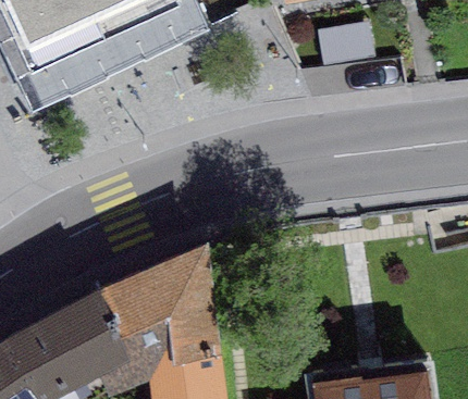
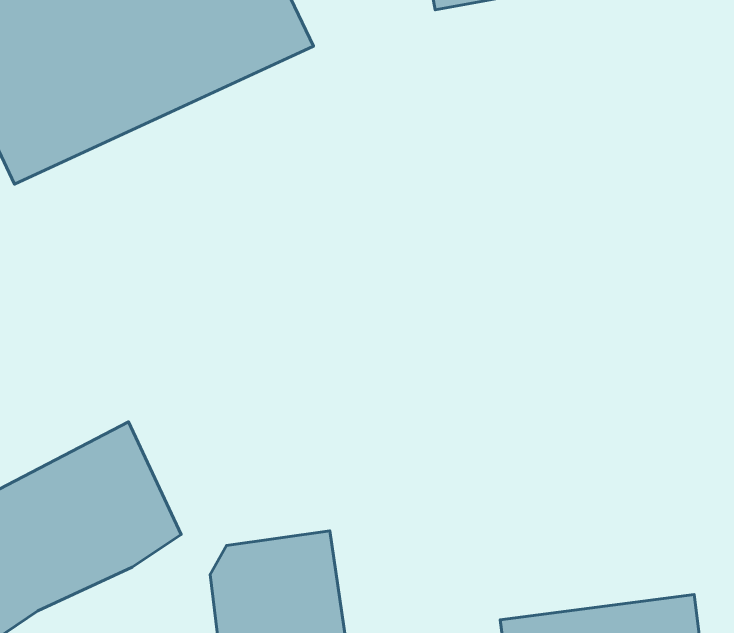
building: [96,211,217,366] -> none

